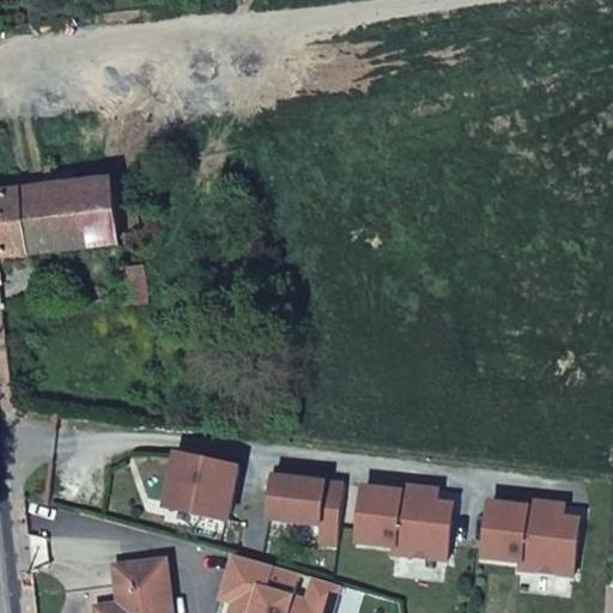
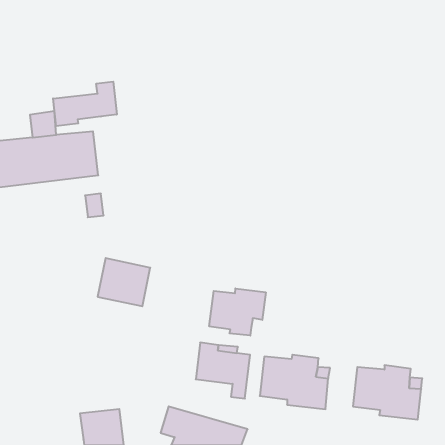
building: none -> [53,82,117,126]
building: none -> [209,288,266,336]
building: [164,454,236,520] -> [98,258,150,306]

